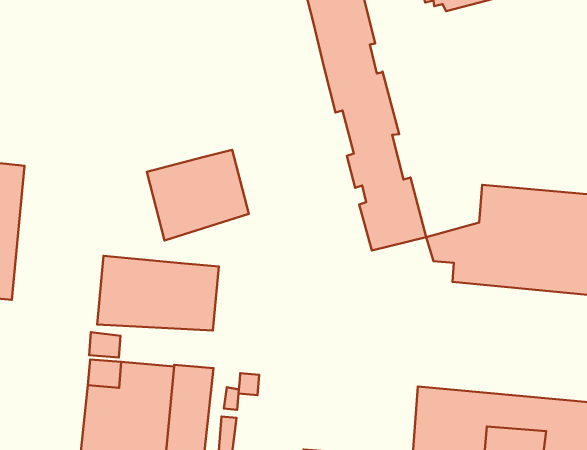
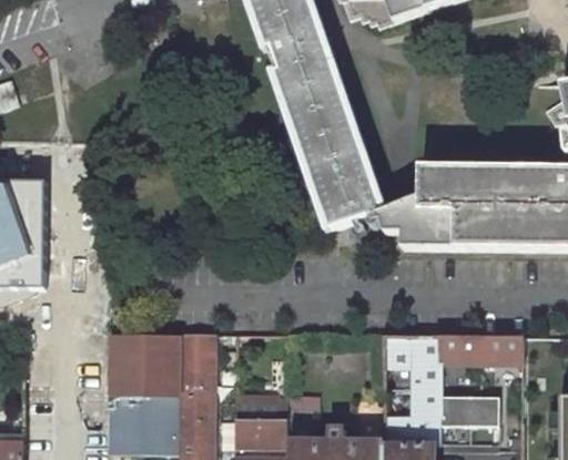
building: [147,150,249,241] -> none
building: [97,256,219,331] -> none

